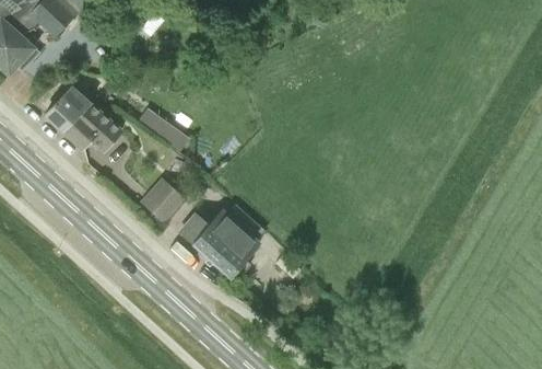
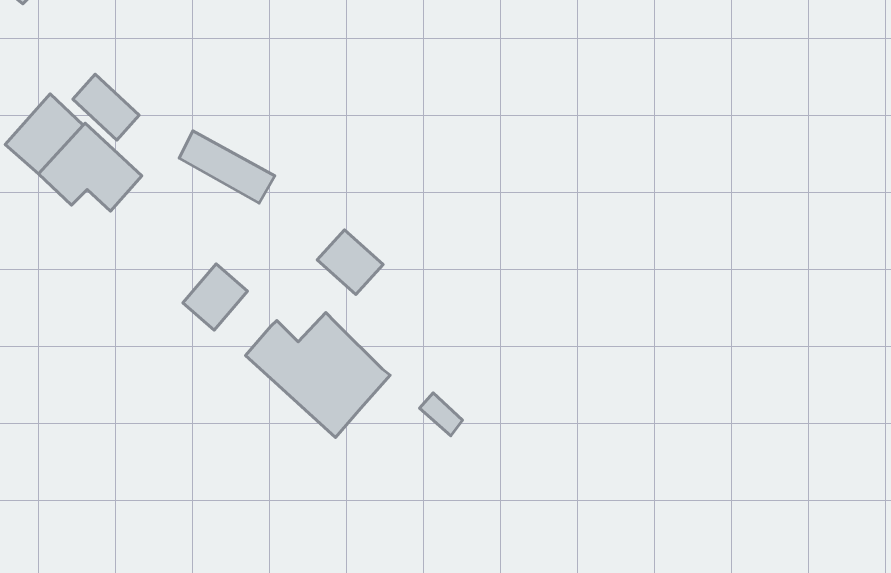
building: none -> [73,74,139,140]
building: none -> [317,230,383,295]

